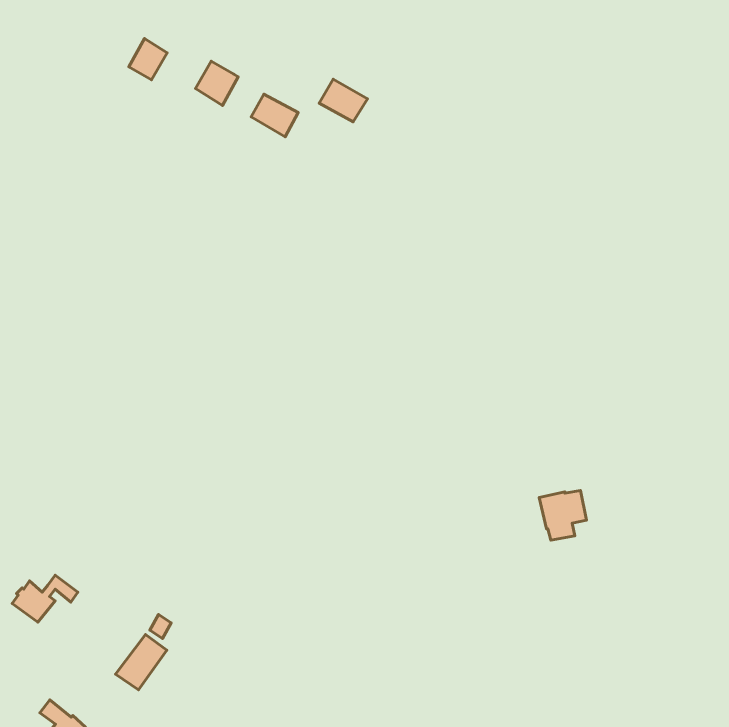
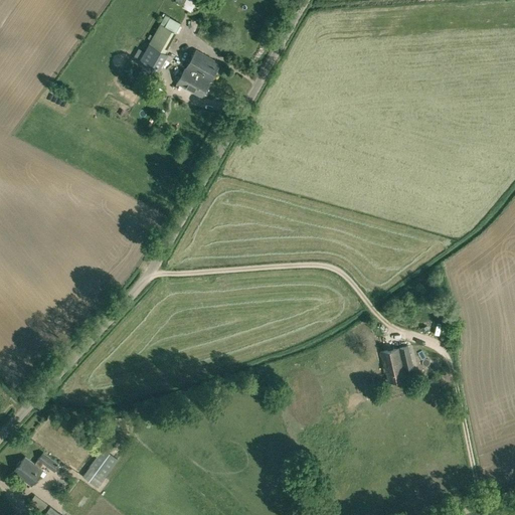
building: [129,38,167,80] -> [149,24,176,53]
building: [319,79,368,122] -> [186,50,220,80]
building: [12,575,78,622] -> [13,453,59,486]

